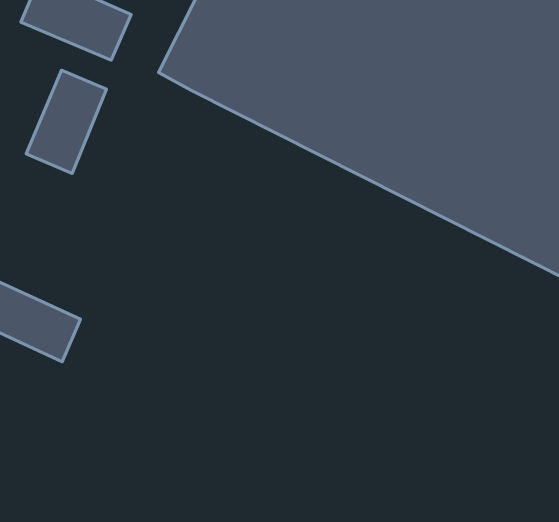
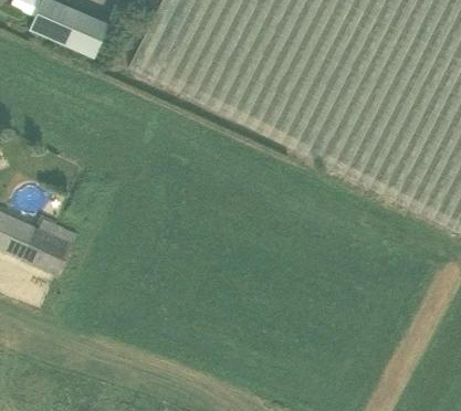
building: [26,70,107,174] -> none

